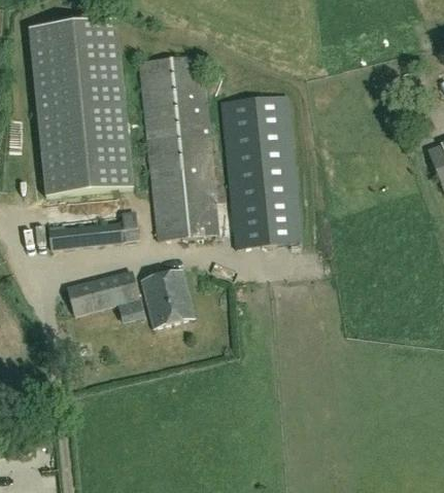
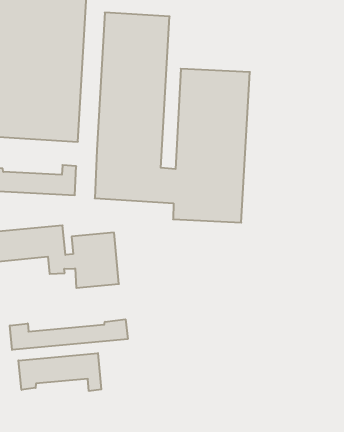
building: none -> [10,319,128,350]
building: none -> [18,353,101,391]

